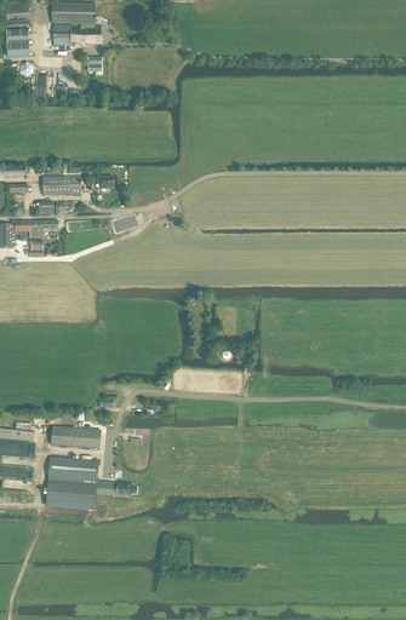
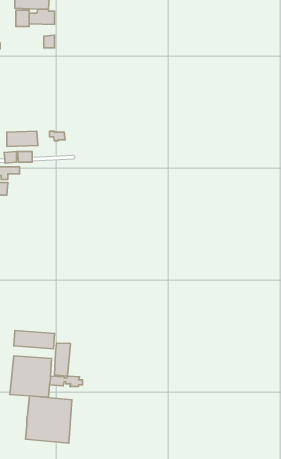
building: none -> [54,343,70,376]
building: none -> [26,396,72,443]

